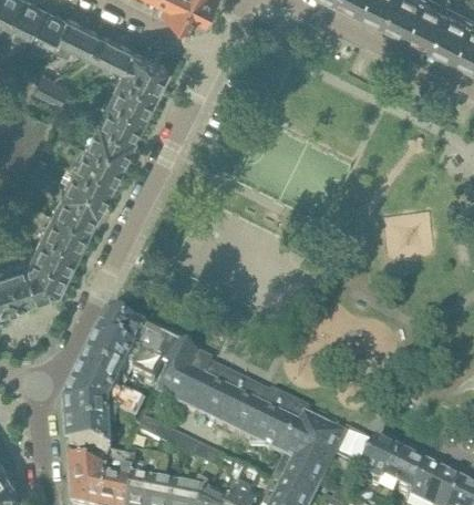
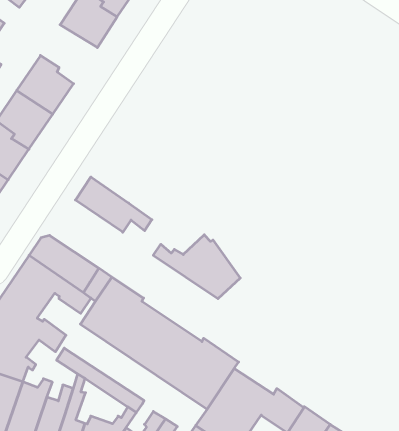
building: [84,118,136,172] -> none
building: none -> [75,177,152,232]
building: none -> [153,235,240,299]

